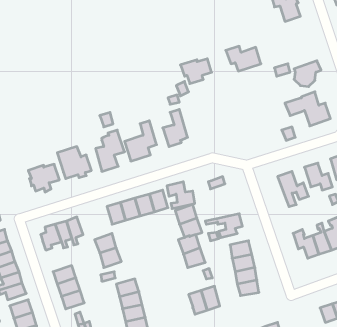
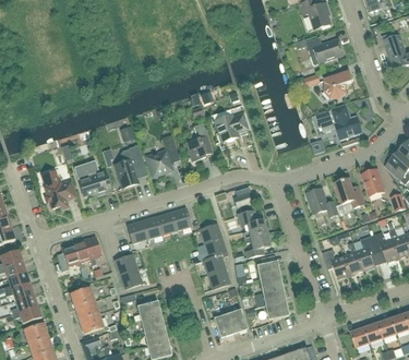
building: [226,46,261,71] -> [305,36,342,62]
building: [180,59,212,84] -> [214,113,246,140]
building: [167,182,195,209] -> [237,208,266,237]

